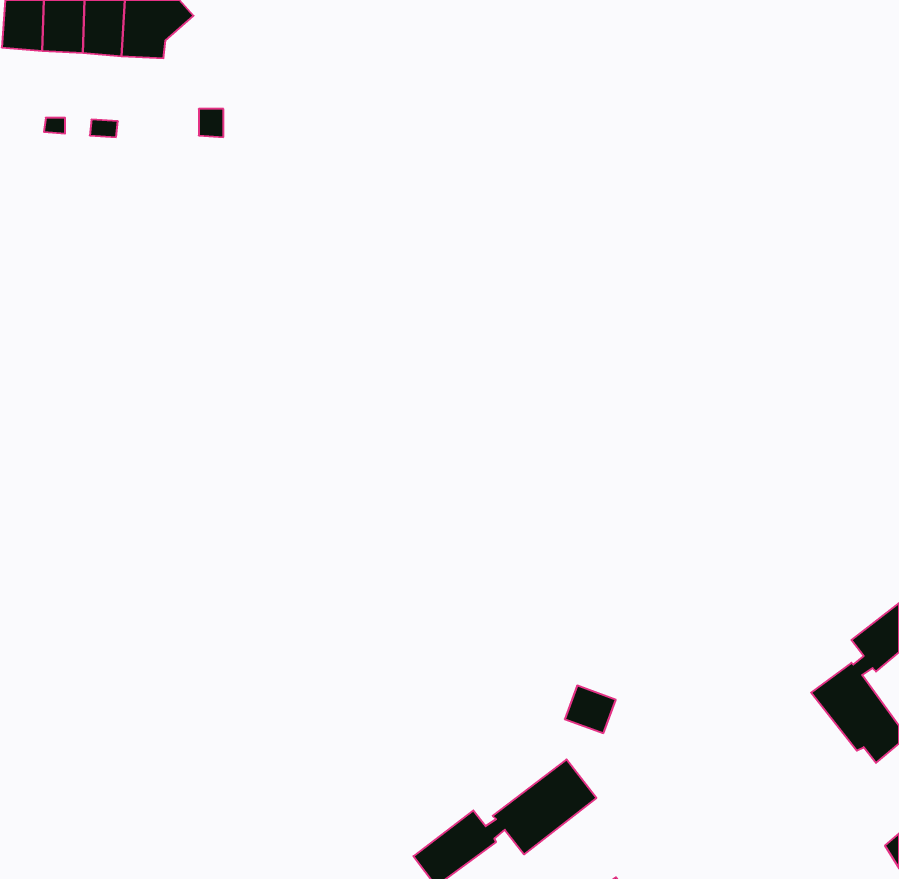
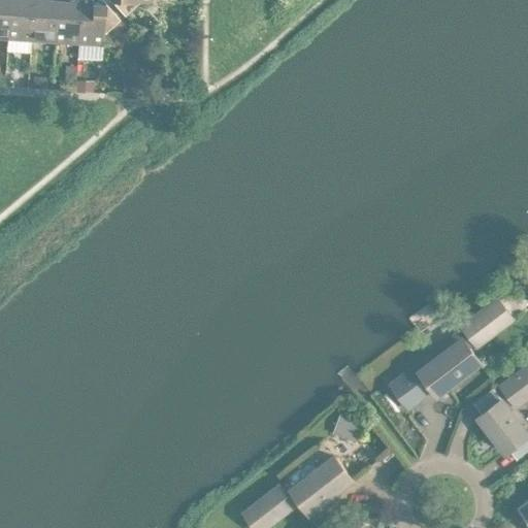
building: none -> [390,300,509,407]

